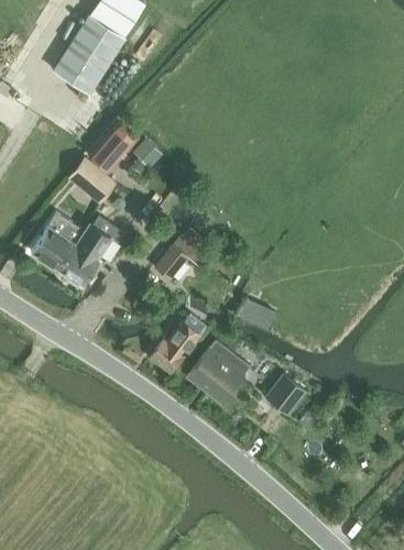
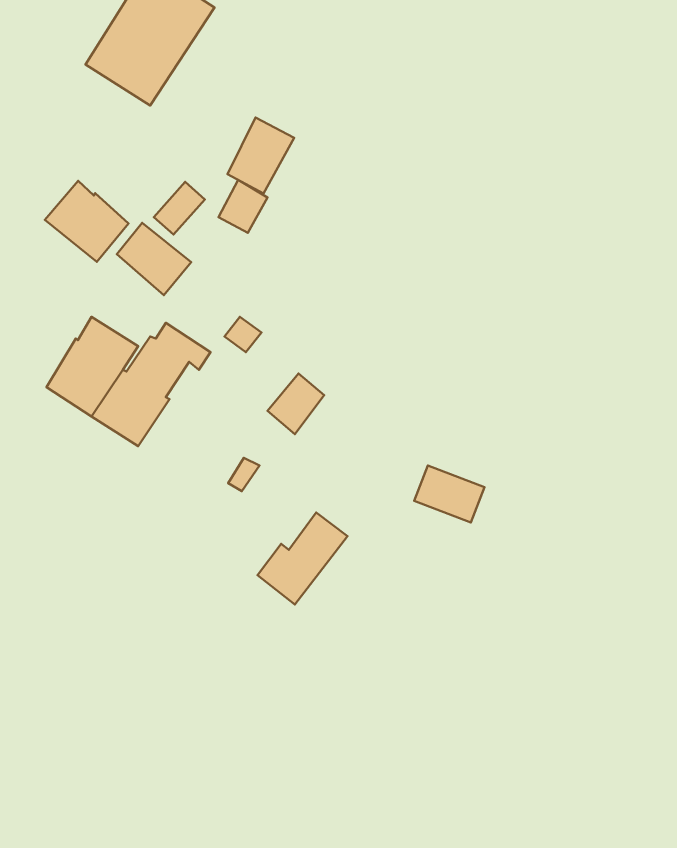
building: none -> [228,117,294,194]
building: none -> [45,181,129,262]
building: [187,340,250,404] -> none
building: [266,375,305,414] -> none

